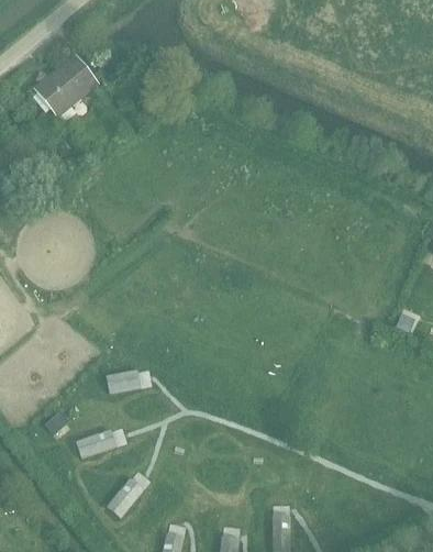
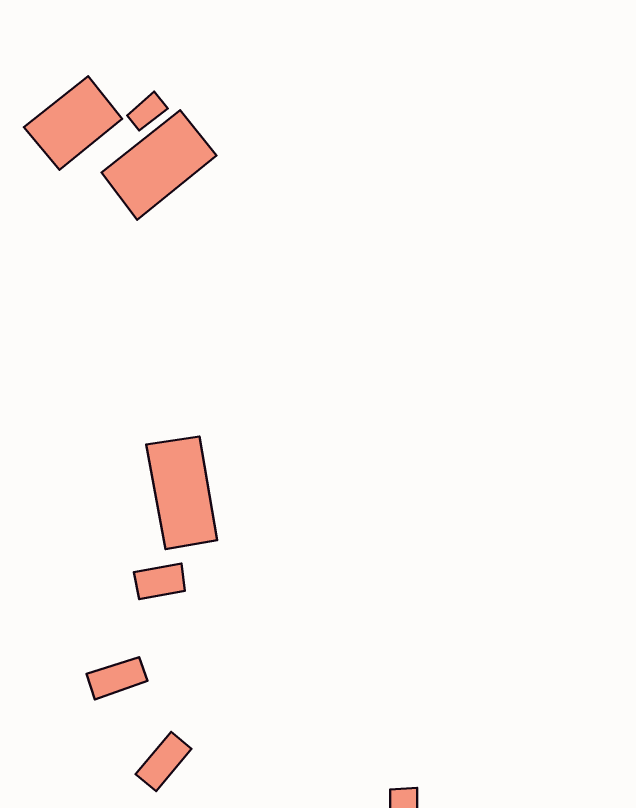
building: none -> [101,110,216,220]
building: none -> [146,437,217,549]

